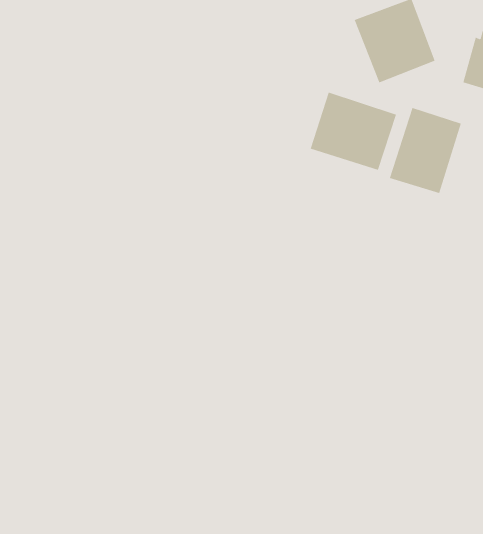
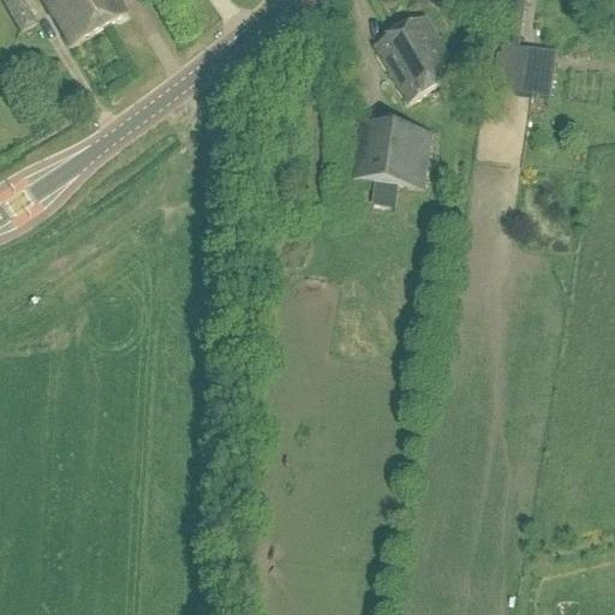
building: [389,107,461,194] -> none

